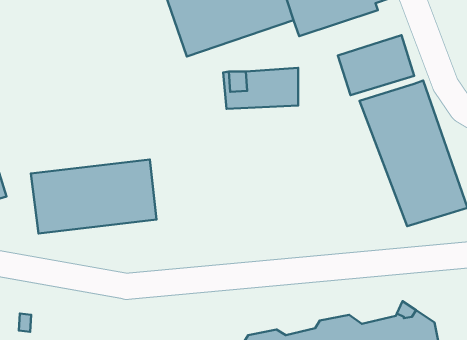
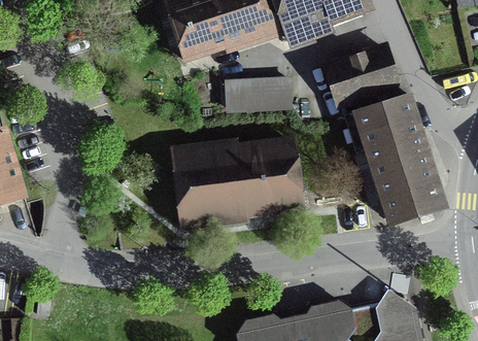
building: none -> [174,144,302,218]
building: [31,159,156,233] -> none

